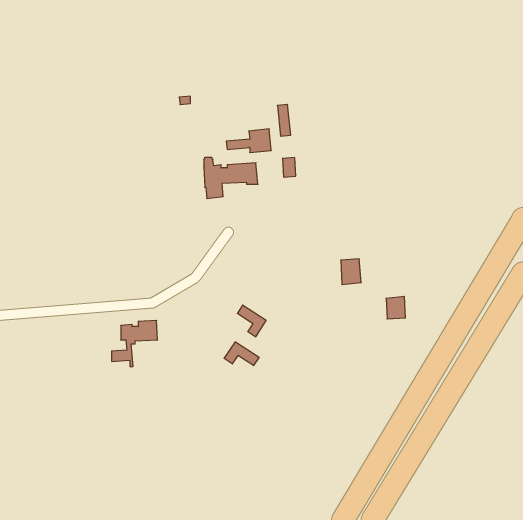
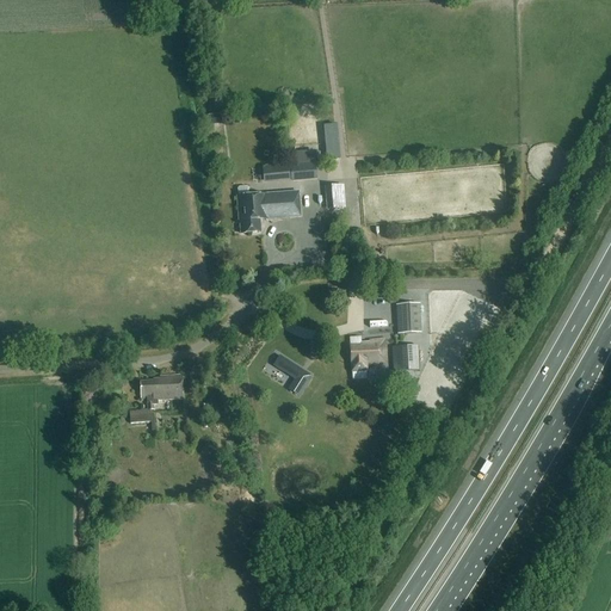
building: none -> [351,337,387,369]
building: [386,296,405,319] -> [396,342,419,369]
building: [224,342,259,366] -> none

